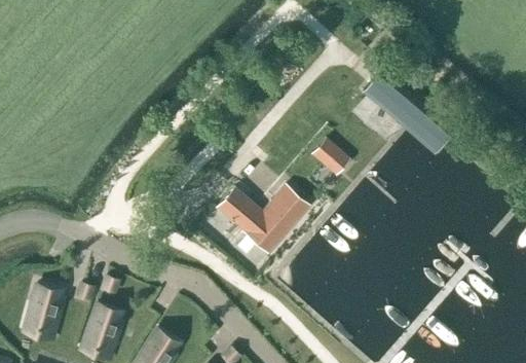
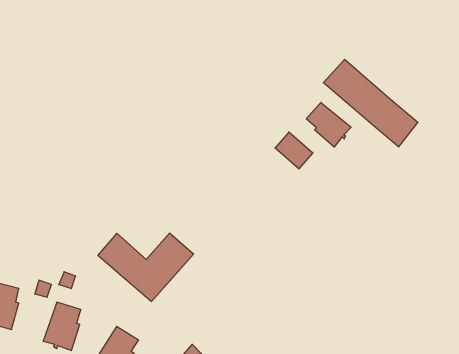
building: none -> [306,102,351,147]
building: [215,185,308,252] -> [98,233,194,301]

